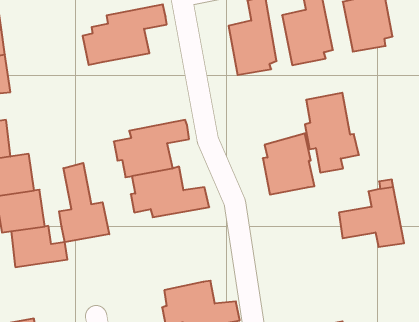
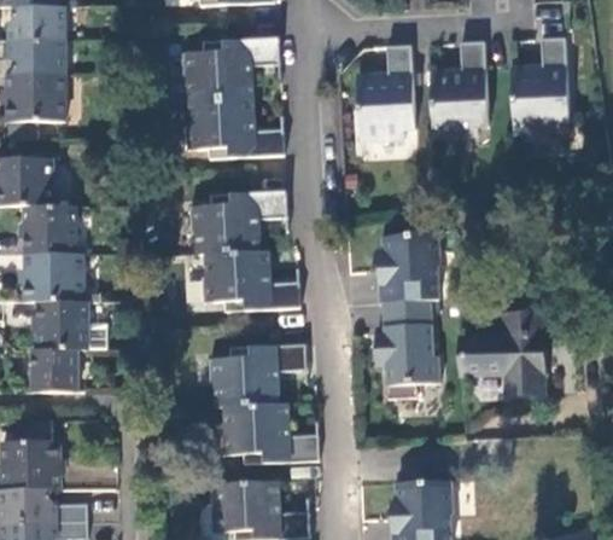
building: none -> [185,98,284,158]
building: [305,93,359,173] -> [376,301,440,400]
building: [59,163,109,242] -> none
building: none -> [206,343,305,407]
building: none -> [34,349,78,393]

